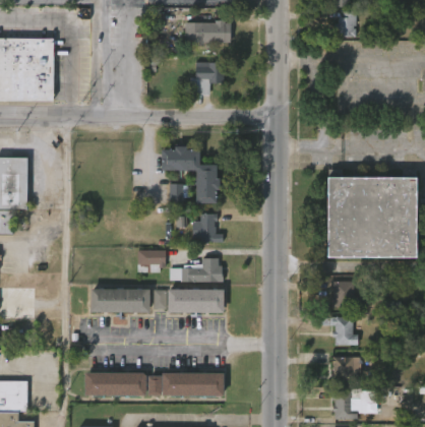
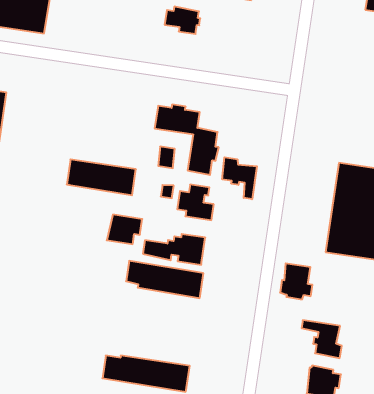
building: [195,61,226,82] -> [165,7,200,34]
building: none -> [222,157,257,199]
building: [328,282,356,311] -> [280,263,312,299]
building: [90,289,149,312] -> [67,159,136,195]
building: [84,372,146,395] -> none

